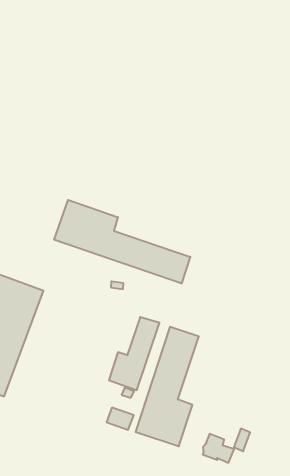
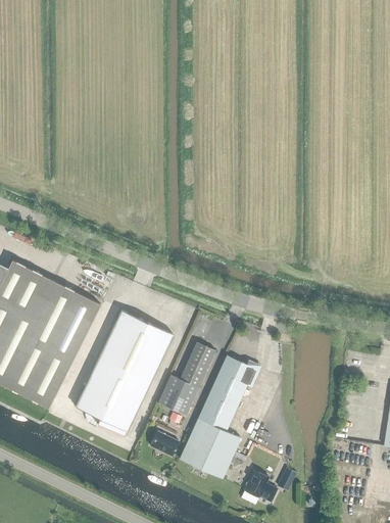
building: [54,200,190,284] -> none
building: none -> [75,311,173,437]

